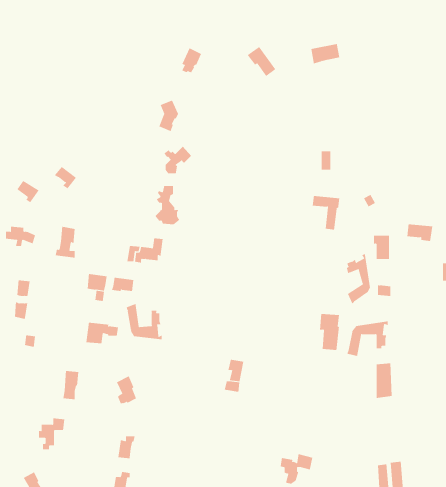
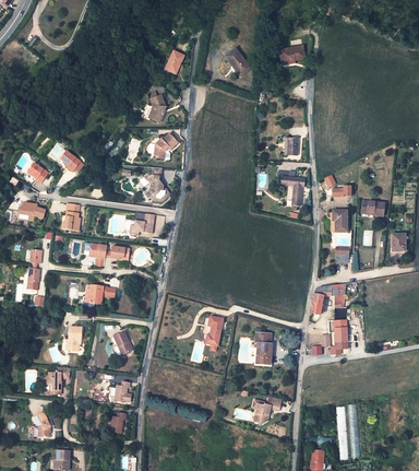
building: [346,253,371,304] -> none
building: [126,303,162,340] -> none
building: [319,314,340,351] -> [254,332,272,364]

